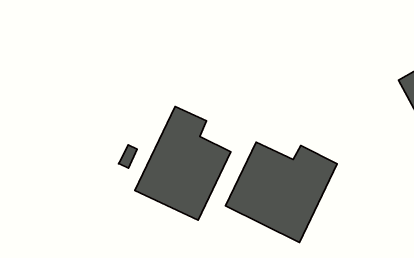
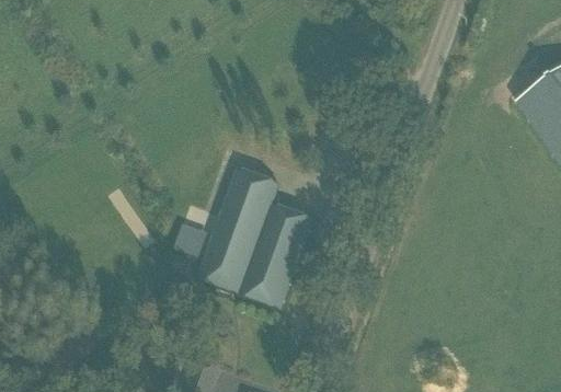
building: [226,142,337,242] -> none

